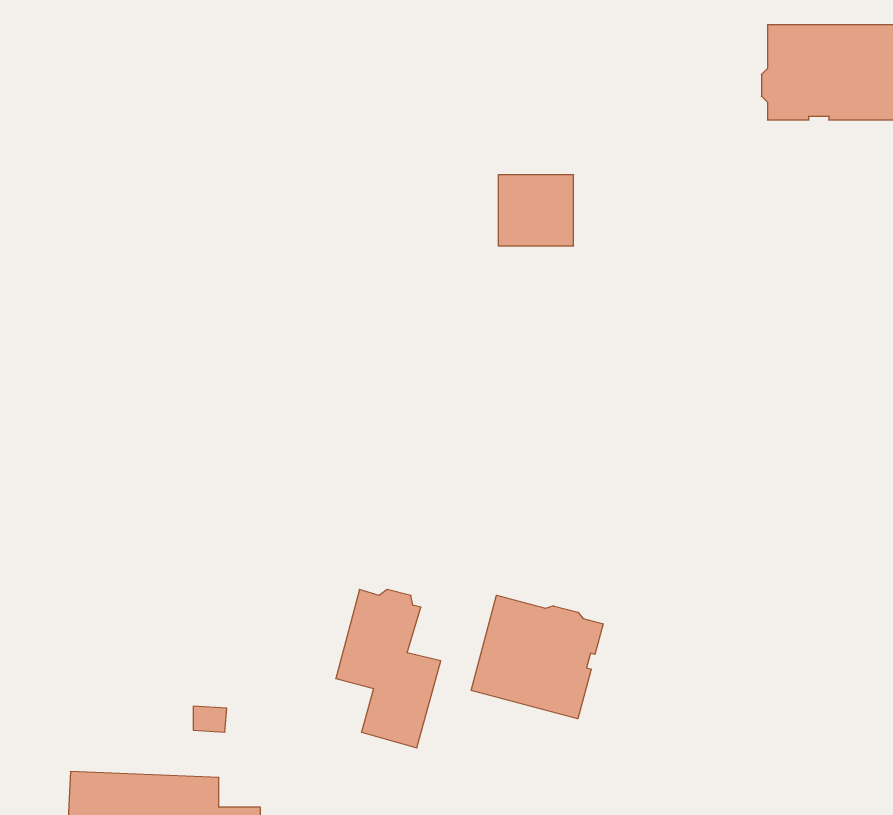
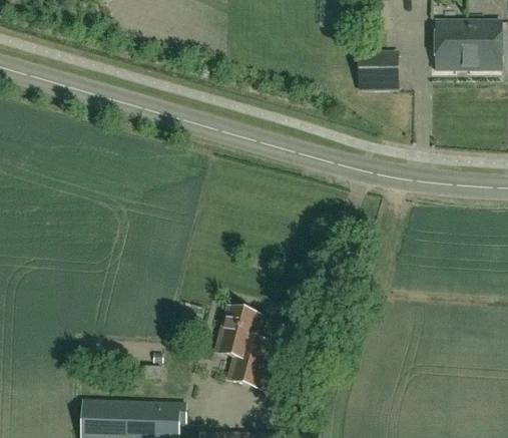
building: [498,175,574,246] -> [360,51,398,87]
building: [471,595,603,719] -> none

